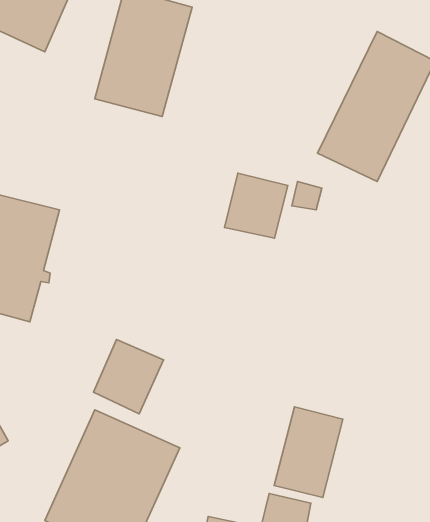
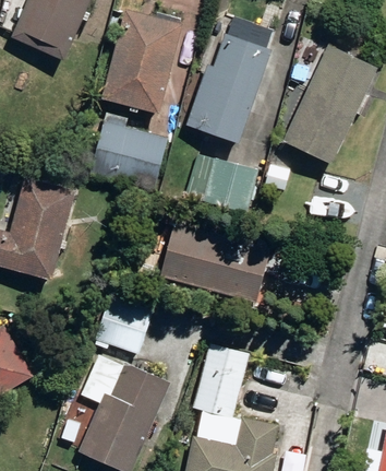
building: none -> [186,33,272,143]
building: none -> [93,111,169,189]
building: none -> [166,225,274,304]
building: [274,407,343,498] -> [191,342,246,415]

